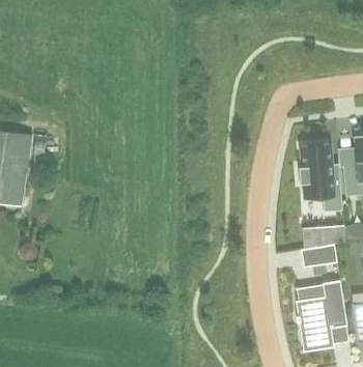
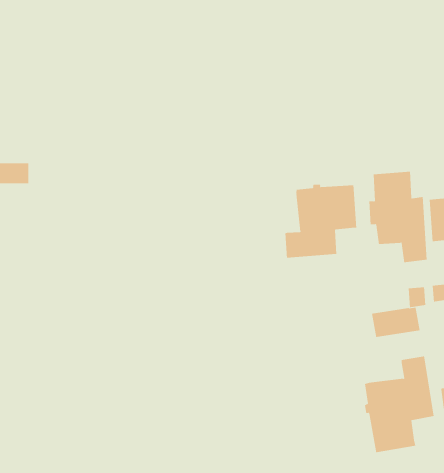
building: none -> [285,184,357,259]

